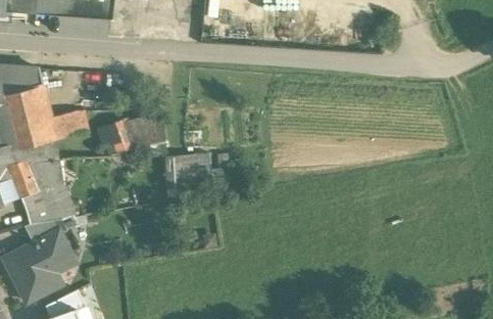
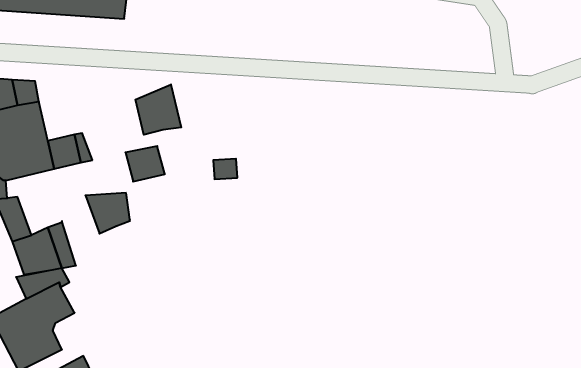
building: none -> [135,84,181,135]
building: [164,155,210,189] -> none
building: [24,161,60,193] -> [85,193,130,234]

